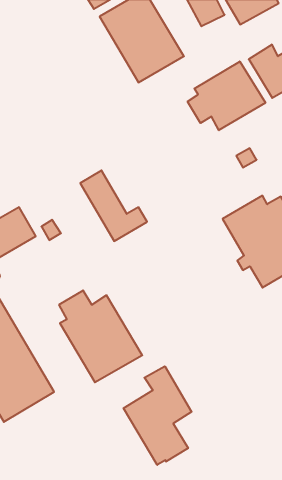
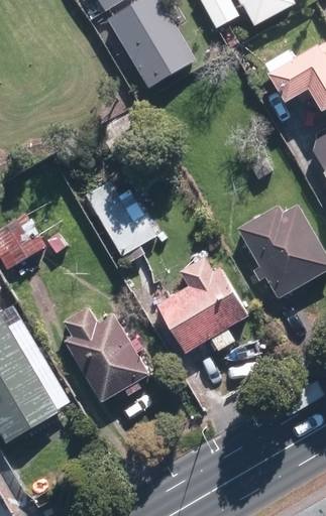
building: [188,61,265,130] -> none
building: none -> [158,254,251,352]
building: [124,366,192,465] -> none

